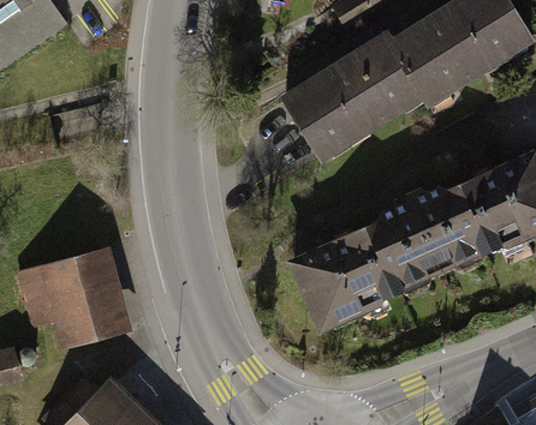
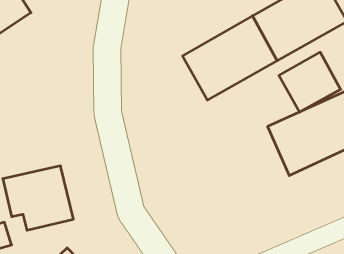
building: none -> [279,52,341,112]
building: [290,198,447,328] -> none

